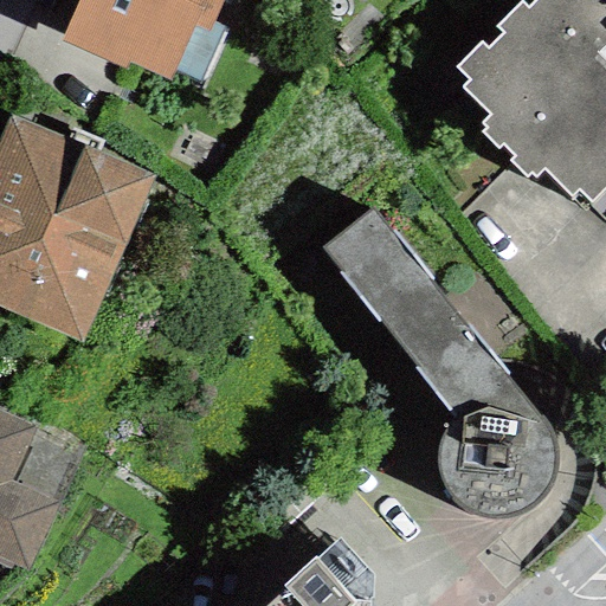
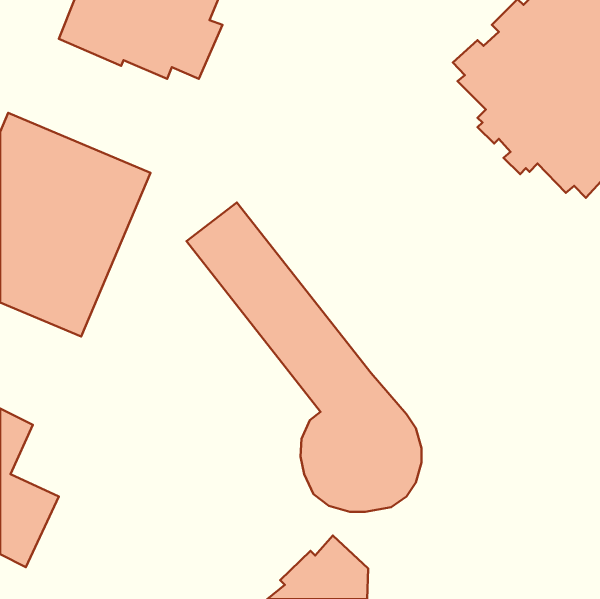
building: [321,206,557,517] -> [186,202,422,512]

